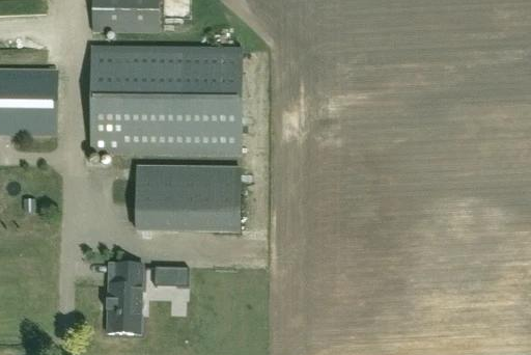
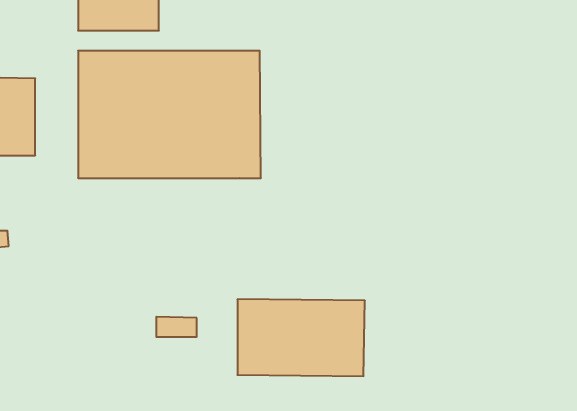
building: [135,165,240,228] -> [237,299,365,376]
building: [106,263,140,332] -> none

